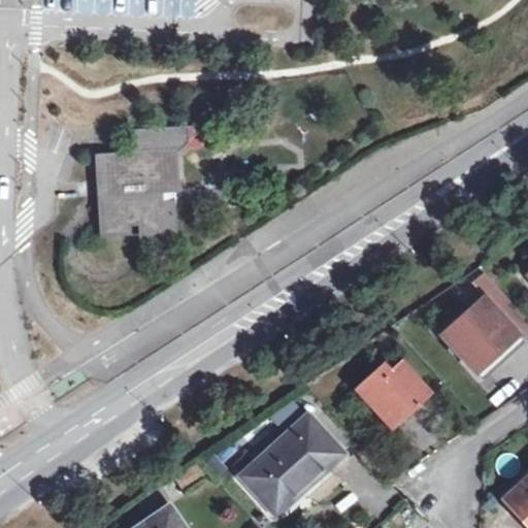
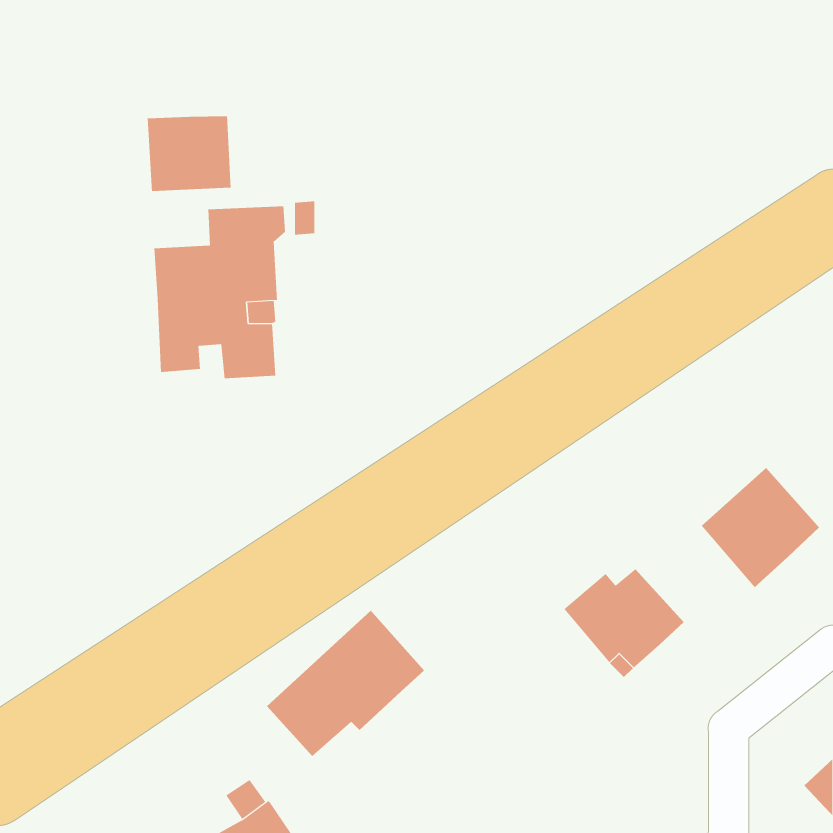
building: none -> [147,115,231,192]
building: [242,416,342,508] -> [266,610,425,757]

